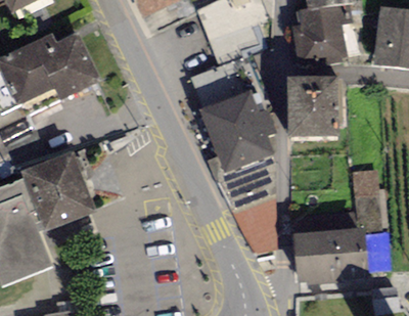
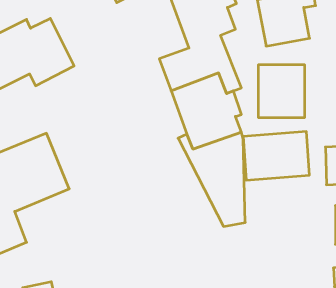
building: [294,226,363,276] -> [243,132,309,180]

